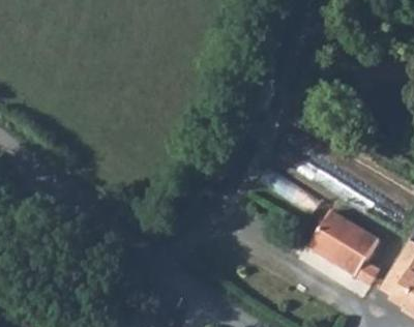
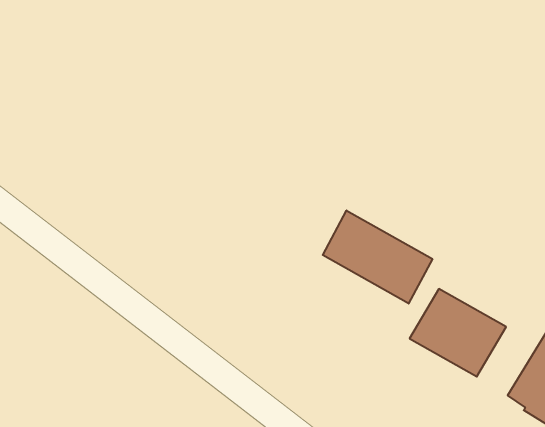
building: none -> [323,210,432,304]

